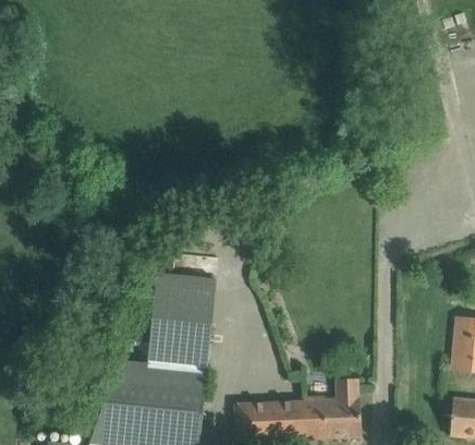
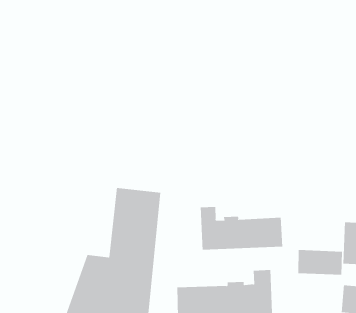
building: none -> [200,206,283,251]
building: none -> [298,249,342,276]

